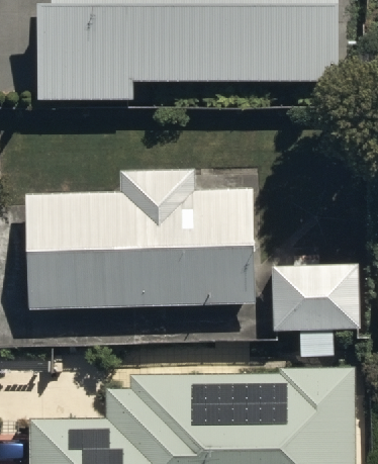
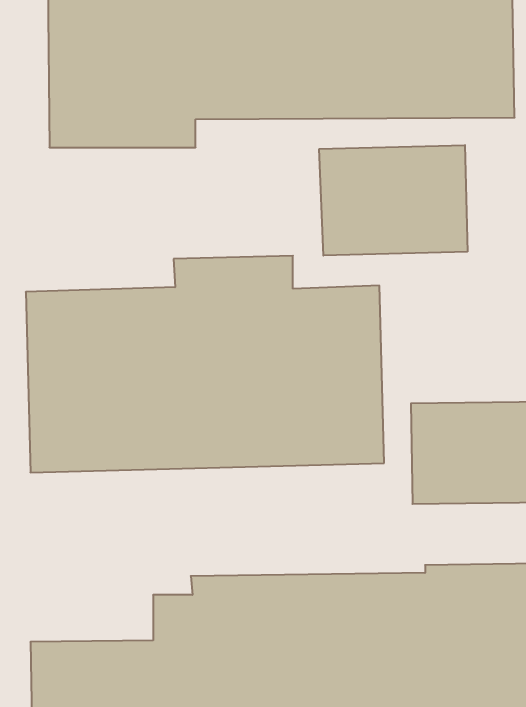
building: none -> [319,145,467,256]

